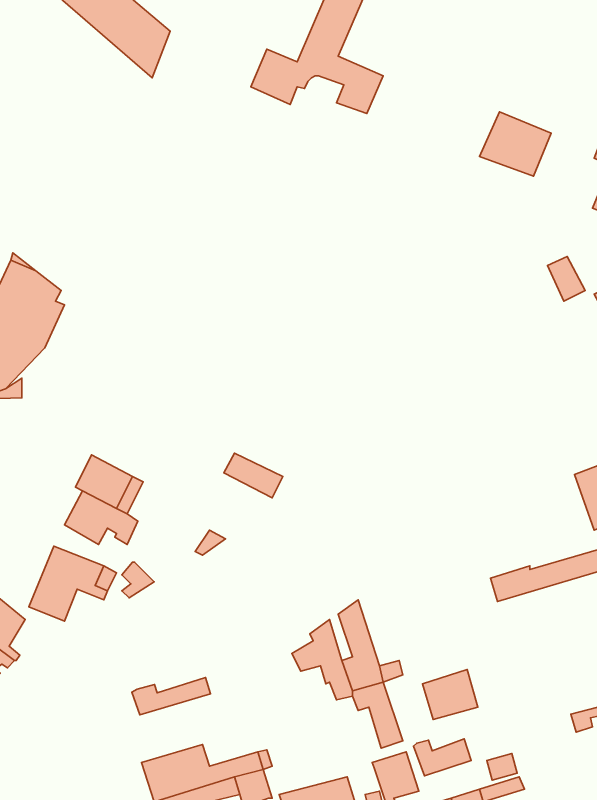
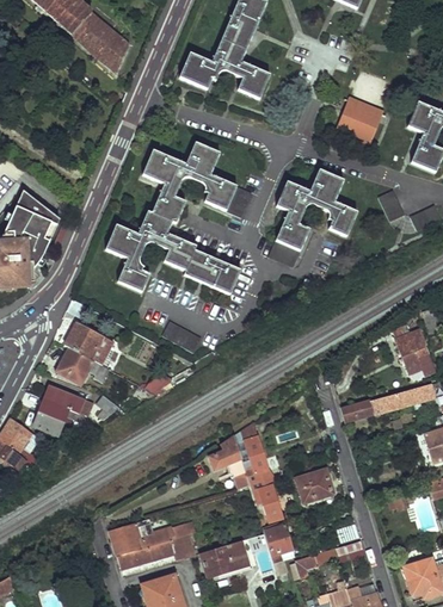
building: none -> [109,141,253,295]
building: none -> [267,169,356,267]
building: [132,678,210,715] -> none
building: [414,739,471,776] -> none

